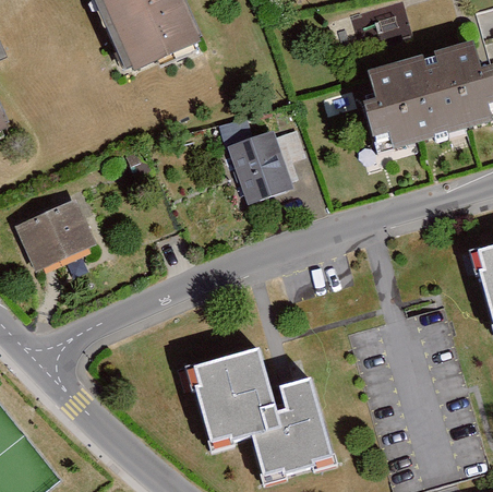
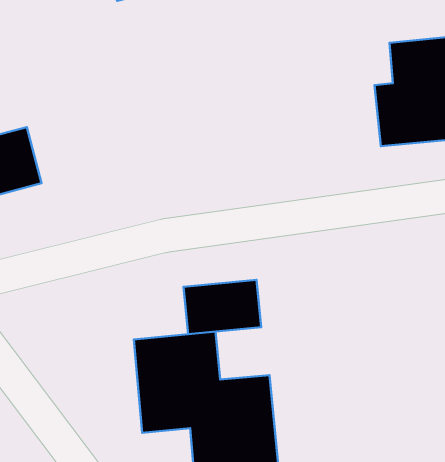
building: [223,127,299,207] -> none
building: none -> [184,280,261,334]

